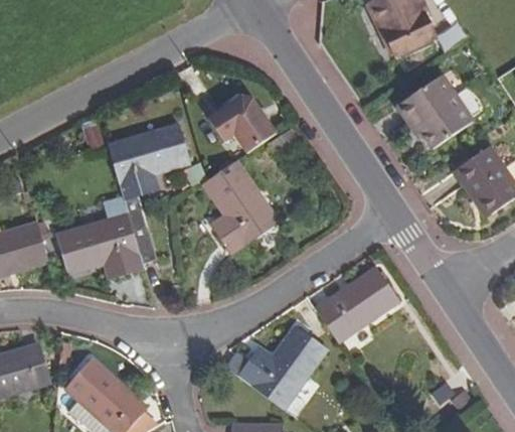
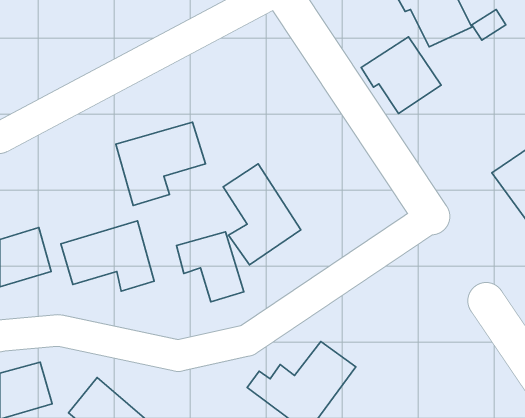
building: [399,76,473,146] -> [361,37,441,114]
building: [205,88,274,157] -> none
building: none -> [176,232,244,302]
building: [315,267,399,341] -> none

